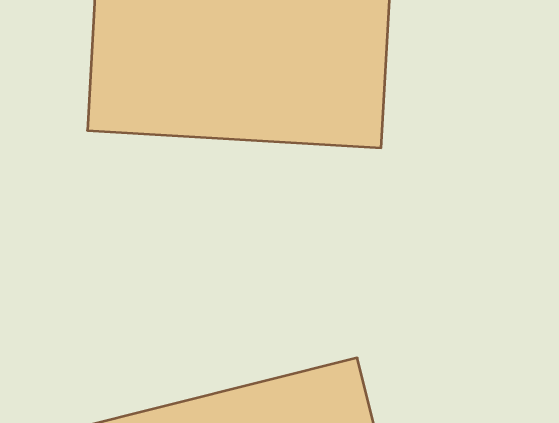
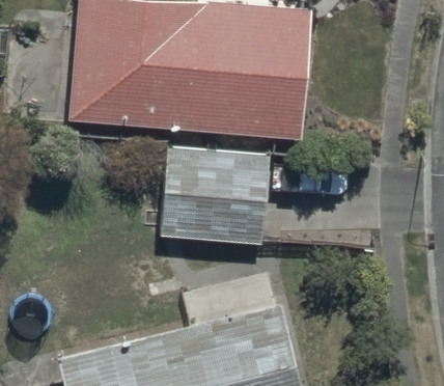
building: none -> [145,147,268,245]

